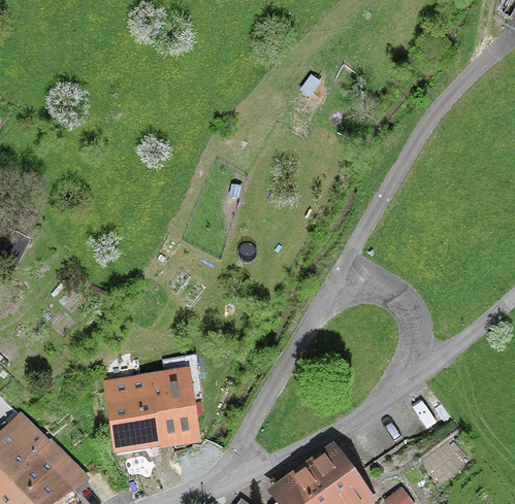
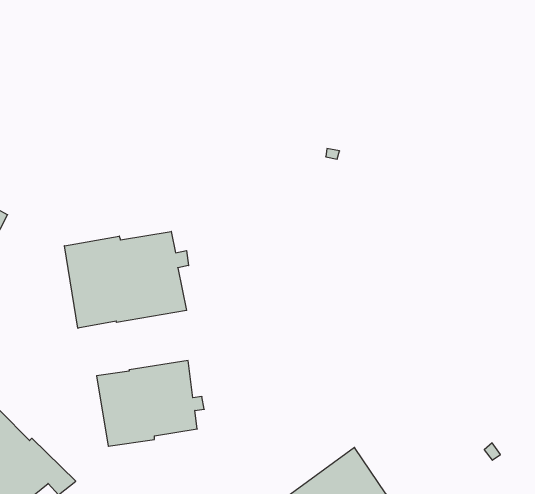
building: none -> [64,231,189,328]

